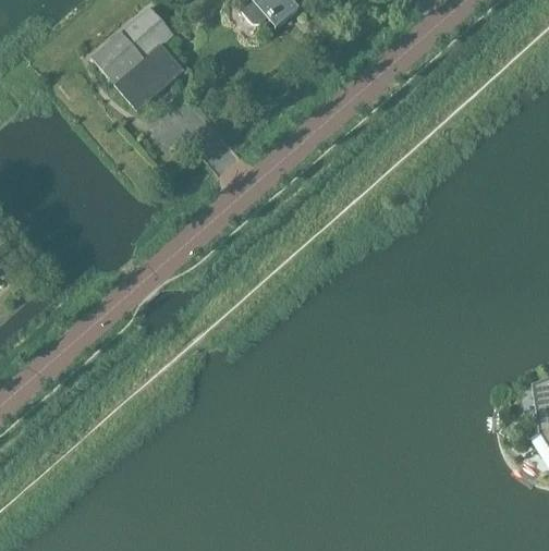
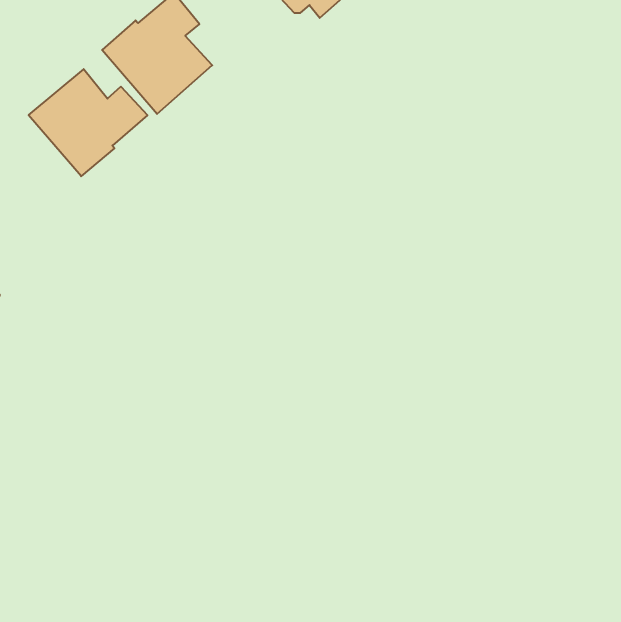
building: none -> [29,69,147,176]

